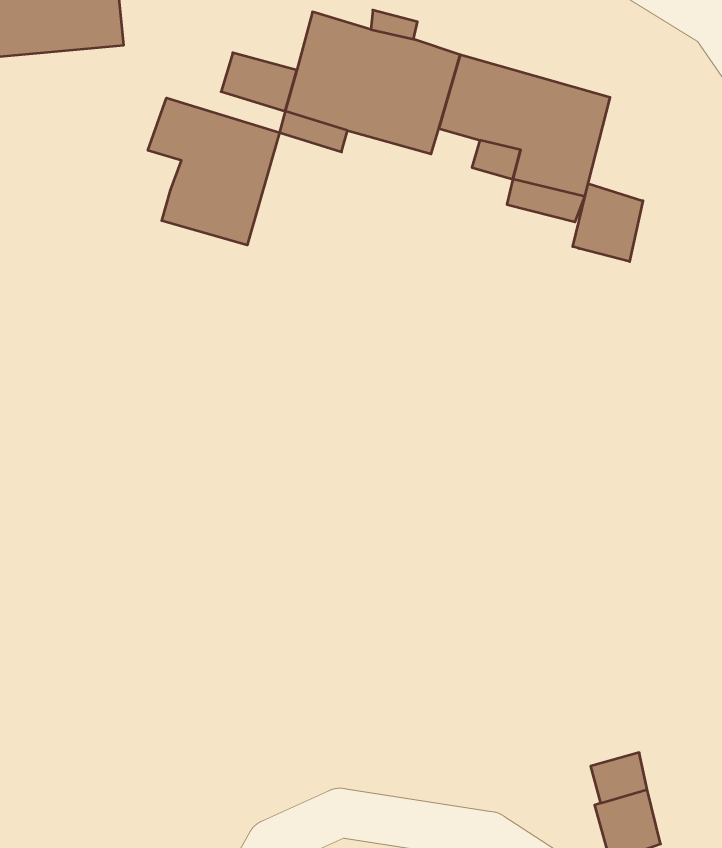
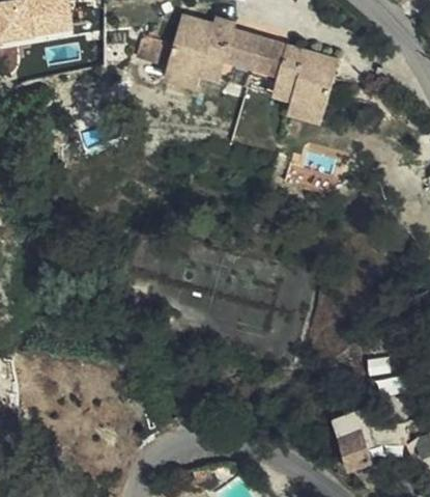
building: [148,98,279,245] -> none
building: [573,184,643,262] -> none

